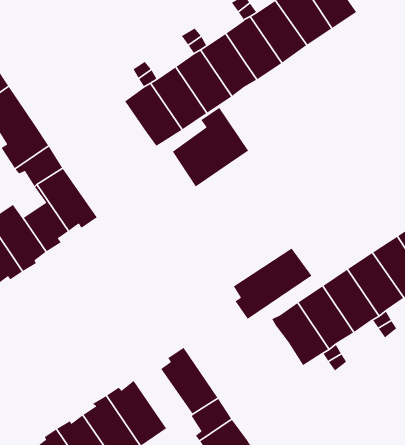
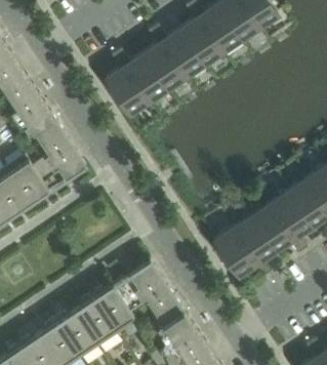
building: [172,107,249,187] -> none
building: [233,247,312,320] -> none
building: none -> [113,277,156,312]

